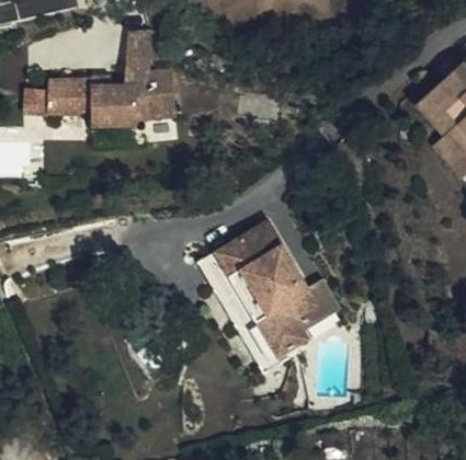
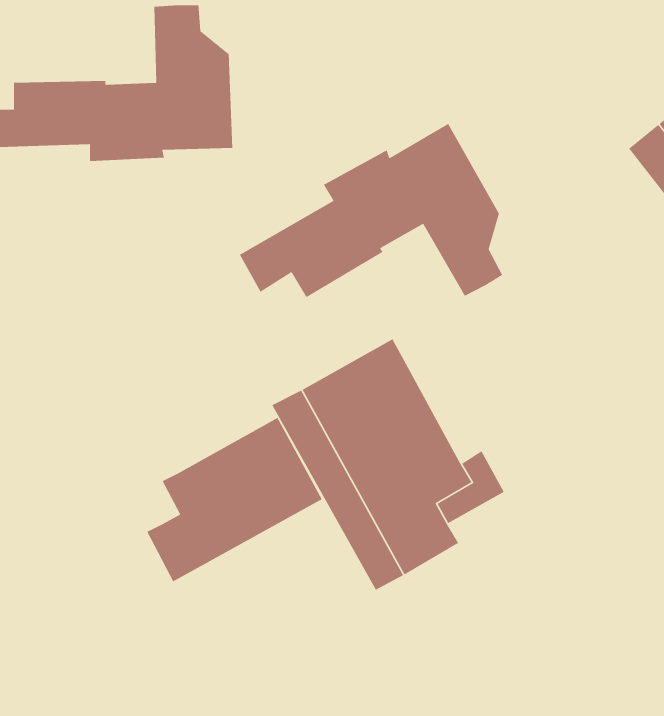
building: none -> [239,123,503,298]
building: none -> [146,417,323,582]

